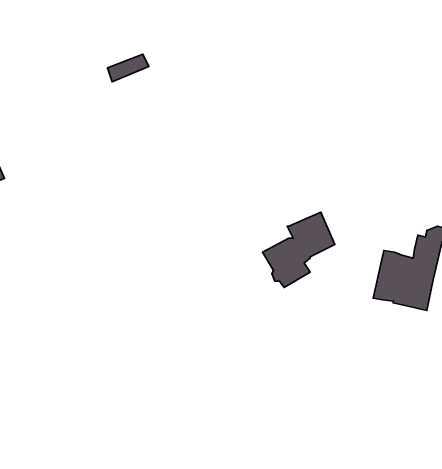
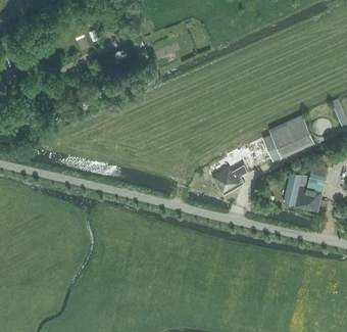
building: none -> [262,116,313,161]

